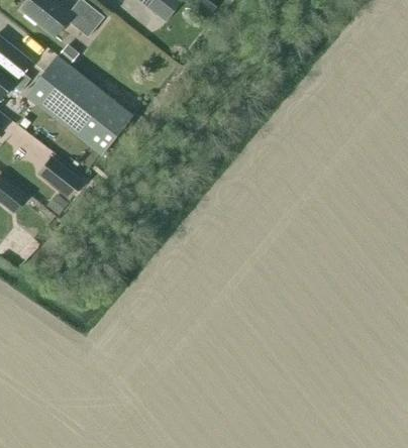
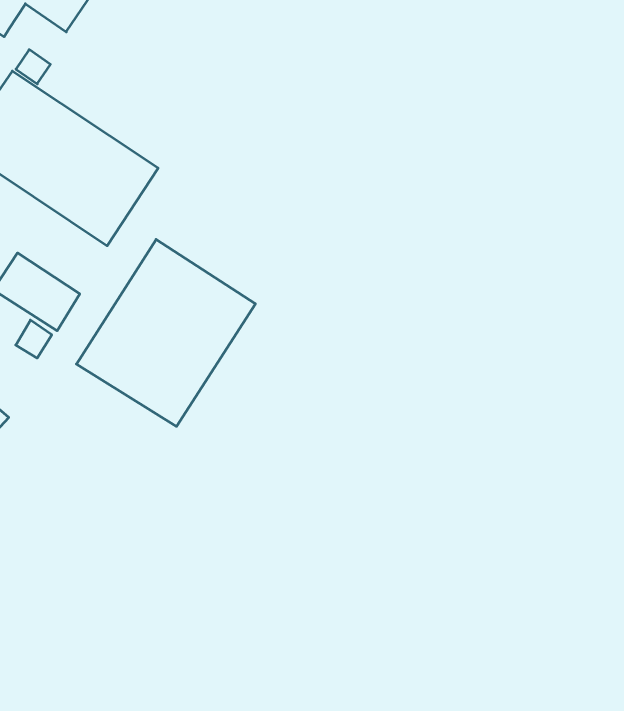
building: none -> [76,239,255,426]

